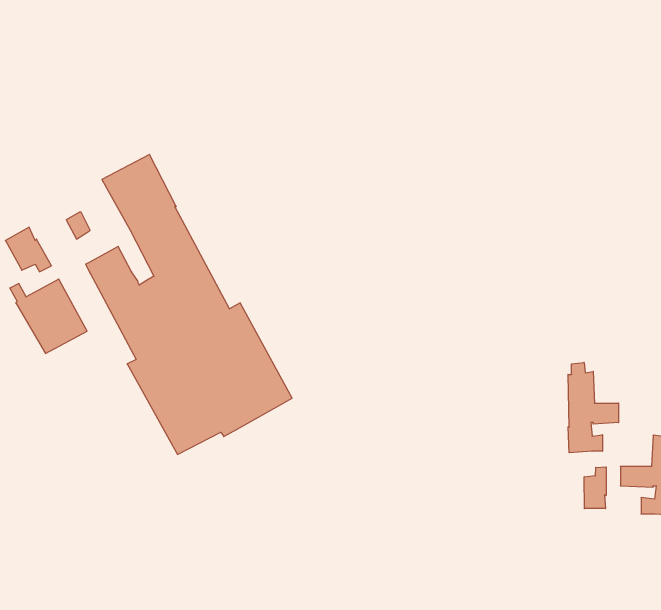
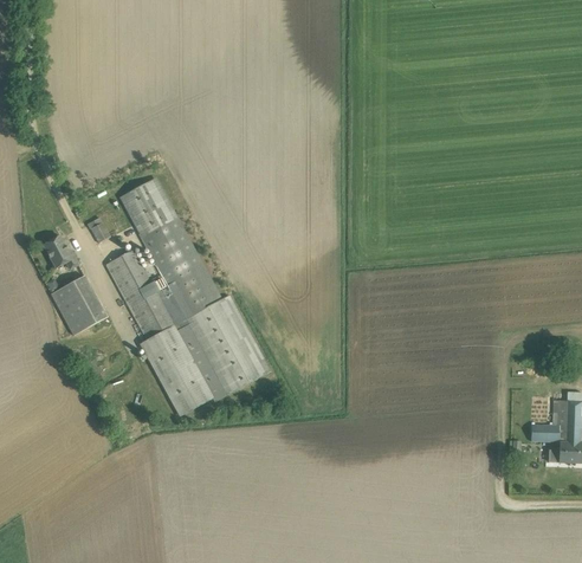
building: [568,362,619,453] -> none
building: [584,467,606,509] -> none

